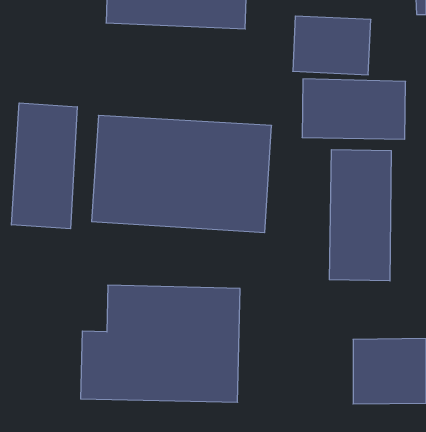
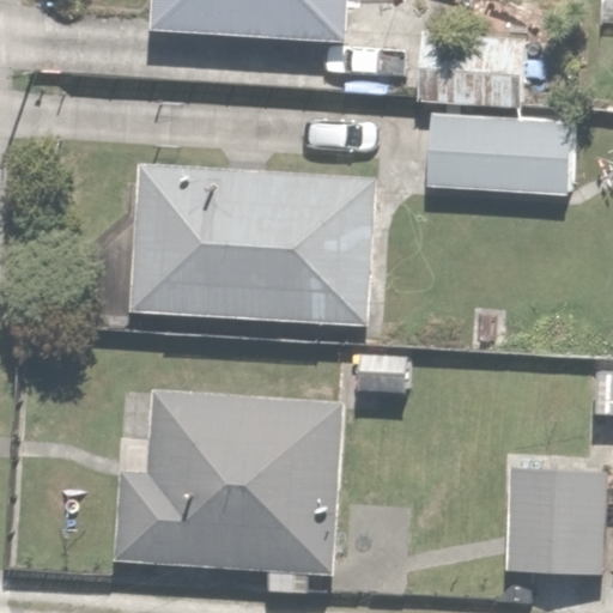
building: [11,103,77,229] -> none
building: [329,150,391,281] -> none

